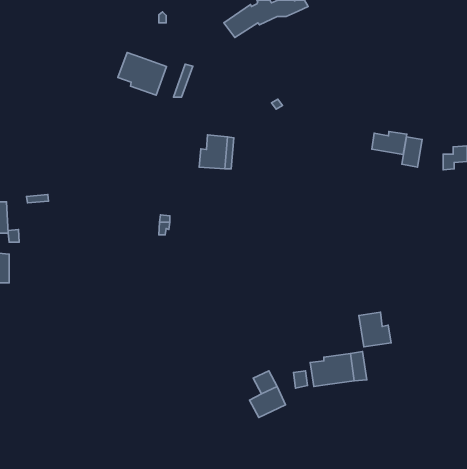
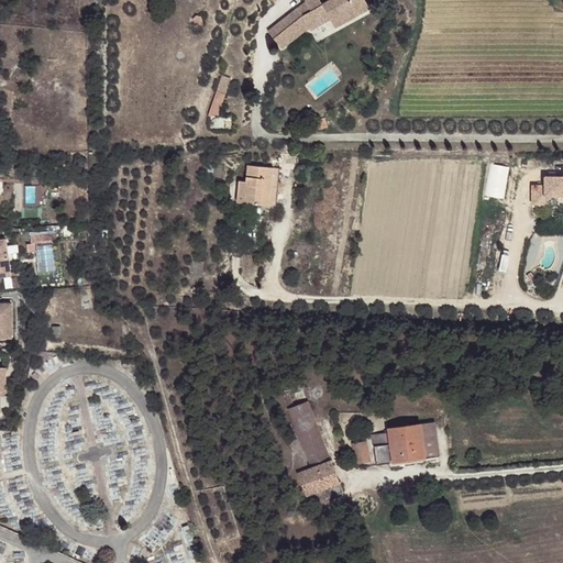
building: [118,53,166,95] -> none
building: [372,132,407,154] -> none
building: [359,312,391,347] -> none
building: none -> [283,405,322,453]

